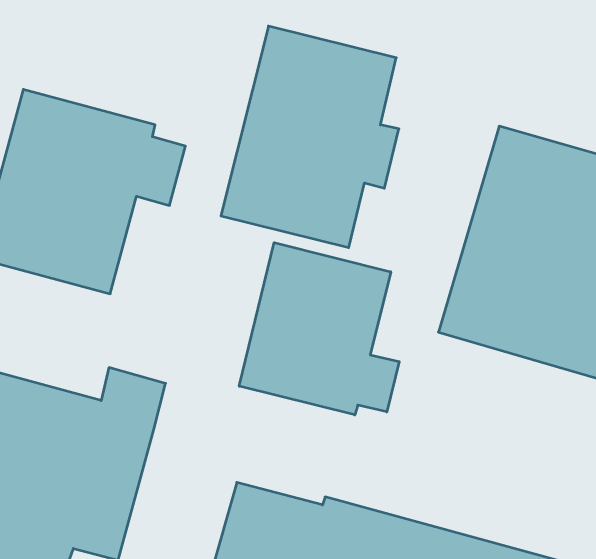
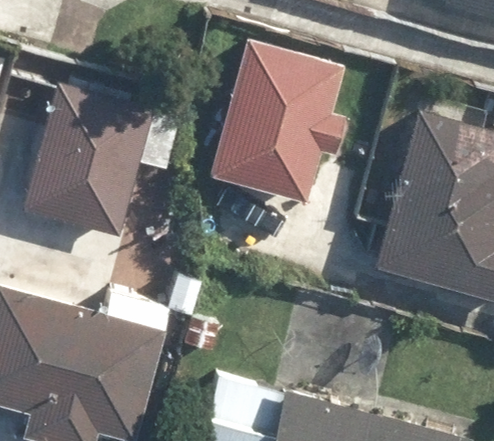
building: [239,243,399,415] -> none

